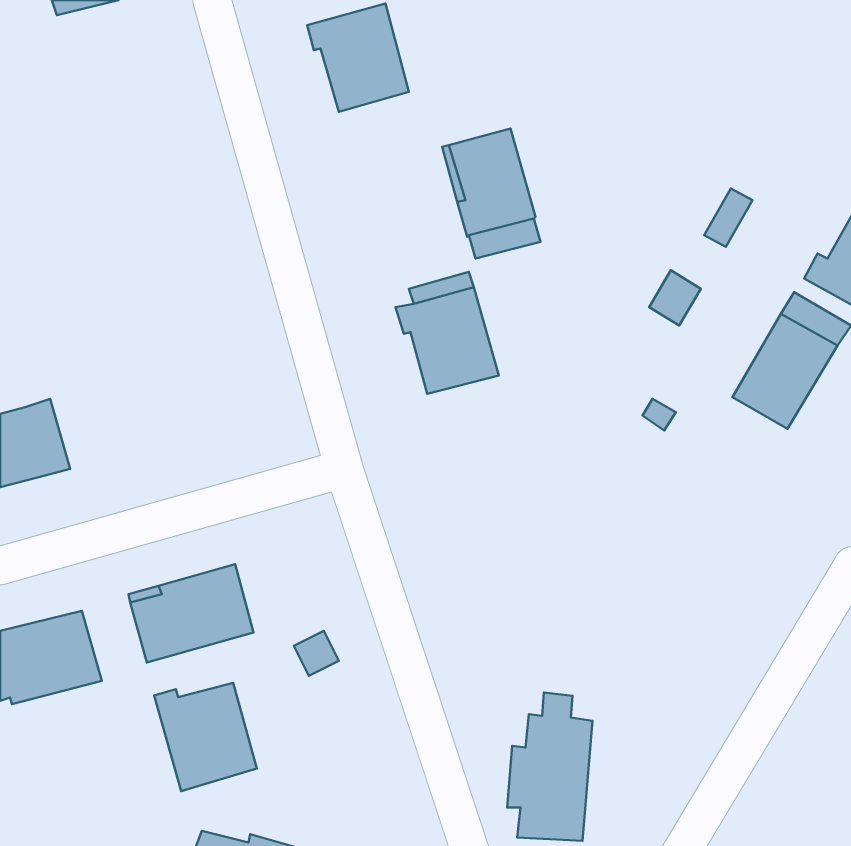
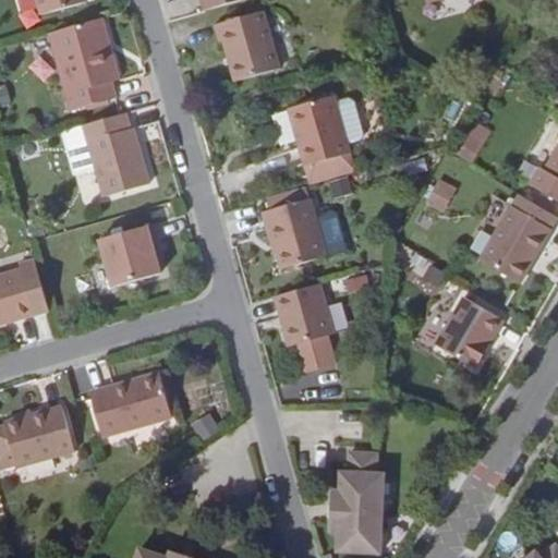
building: none -> [48,20,119,110]
building: none -> [64,119,145,201]
building: none -> [95,225,156,289]
building: none -> [276,282,336,372]
building: none -> [434,296,500,366]
building: [154,683,257,791] -> none

